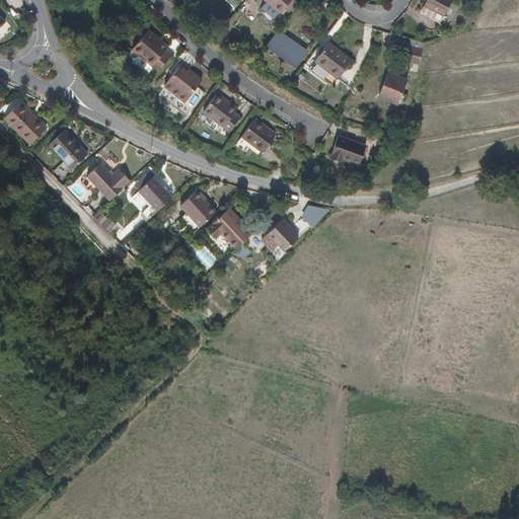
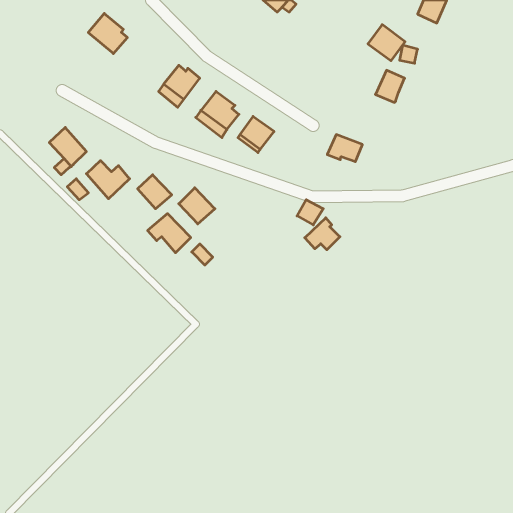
building: [133,29,172,70] -> [88,13,127,54]
building: [266,29,308,67] -> none
building: [315,42,353,78] -> [368,25,405,61]
building: [5,101,47,143] -> none
building: [208,209,251,248] -> [148,214,191,253]
building: [261,220,296,252] -> [305,218,340,250]

